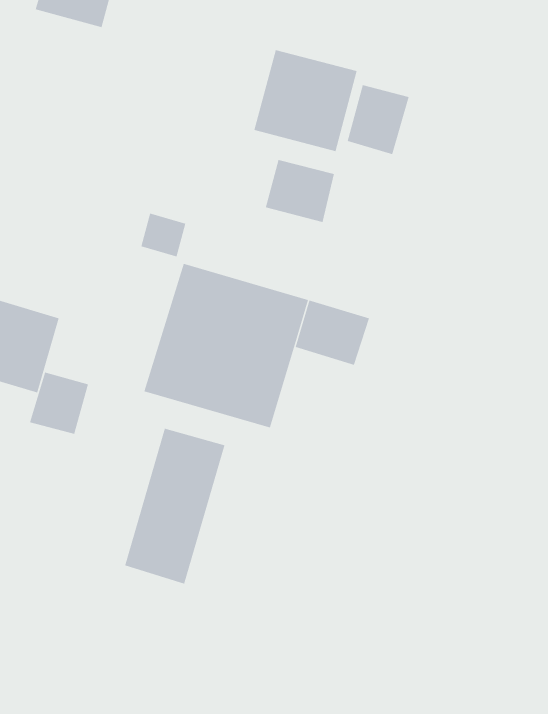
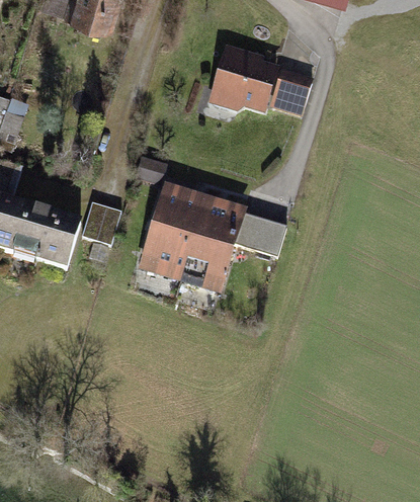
building: [265,159,335,223] -> none
building: [29,372,89,435] -> [82,196,121,238]
building: [124,428,225,584] -> none

